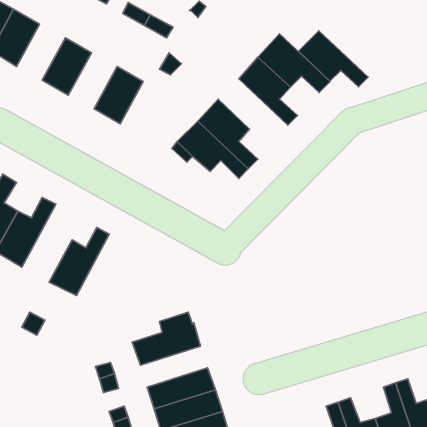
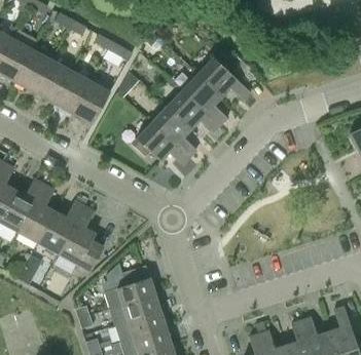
building: none -> [15,50,52,92]
building: [298,31,368,87] -> [168,91,220,133]
building: none -> [55,72,92,114]
building: none -> [20,186,58,244]
building: none -> [61,208,102,277]
building: none -> [109,292,159,323]

